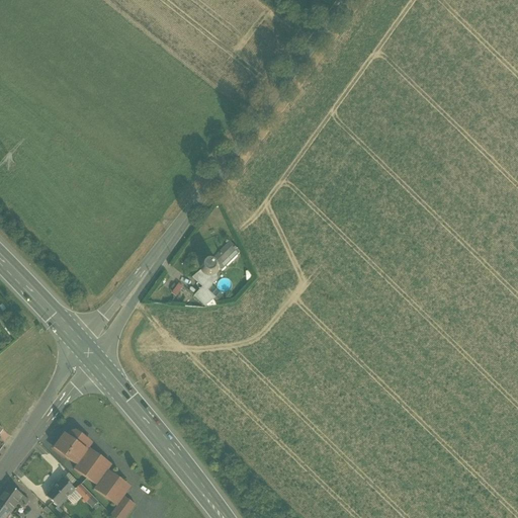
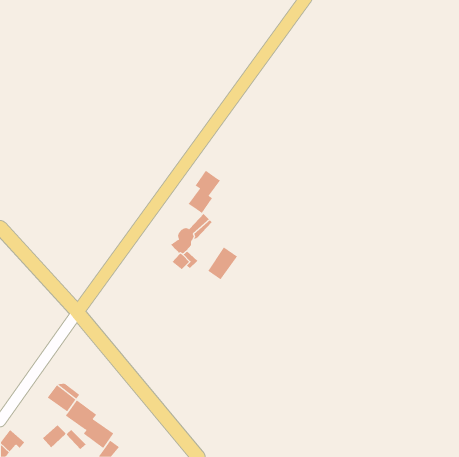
building: none -> [188,170,221,214]
building: none -> [208,247,238,280]

